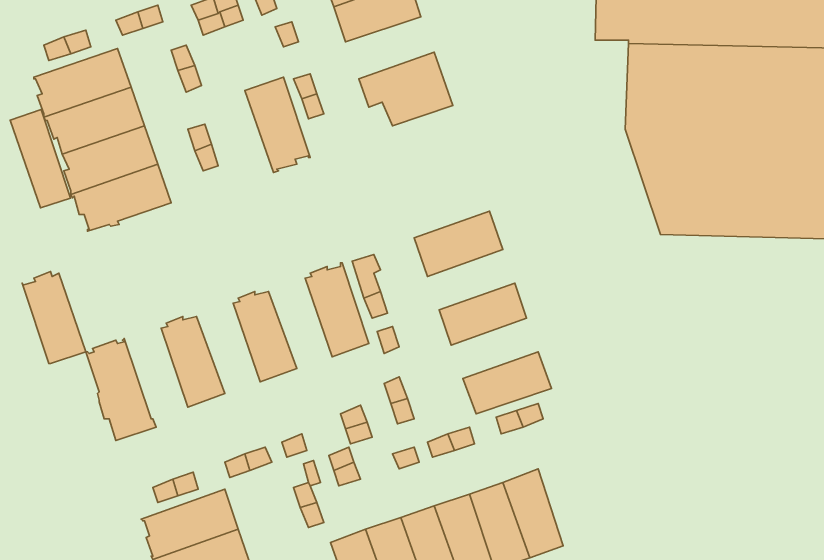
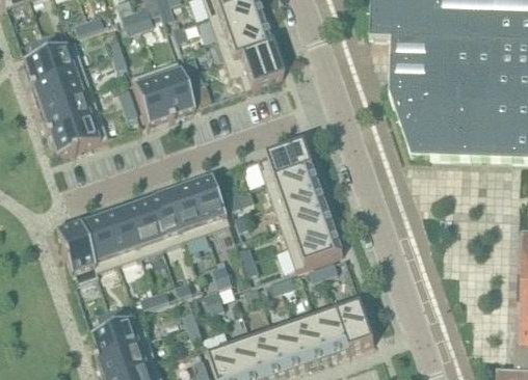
building: none -> [216,21,271,59]
building: none -> [131,66,171,124]
building: [10,109,70,208] -> none
building: none -> [267,165,321,202]
building: [22,271,86,363] -> [79,213,118,270]
building: none -> [168,182,208,239]
building: none -> [124,197,163,254]
building: none -> [282,208,336,245]
building: none -> [336,294,375,349]

